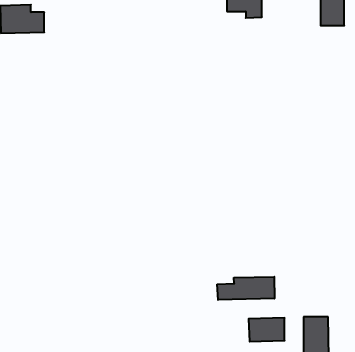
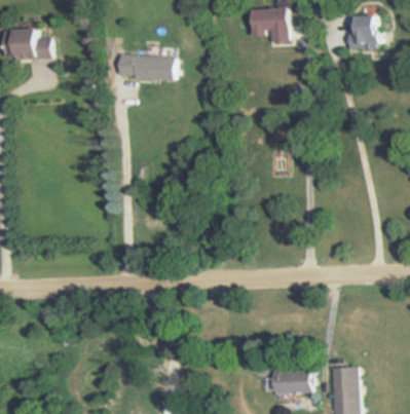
building: none -> [118,54,174,79]
building: [217,277,274,300] -> none

